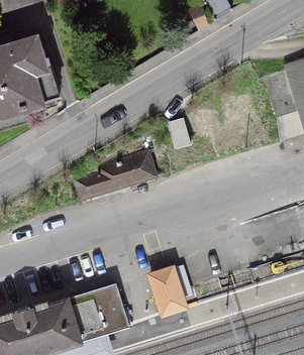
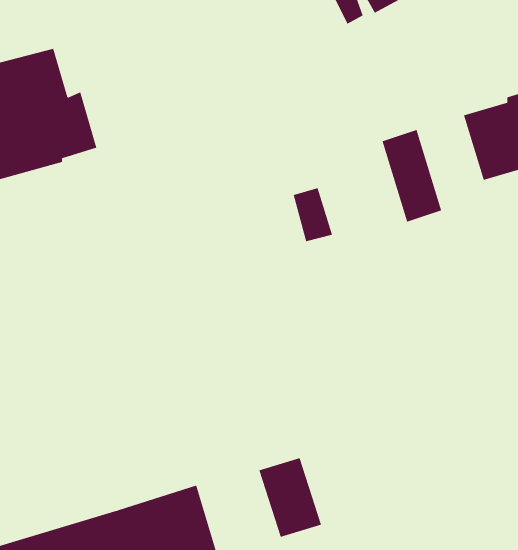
building: none -> [382,129,442,223]
building: [75,138,155,198] -> none

